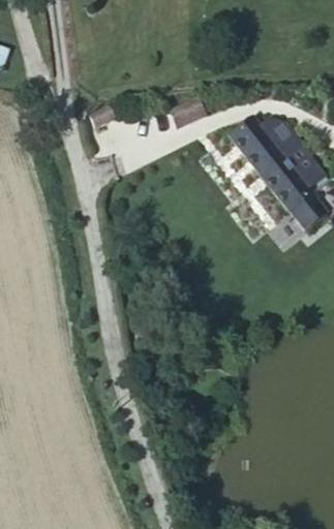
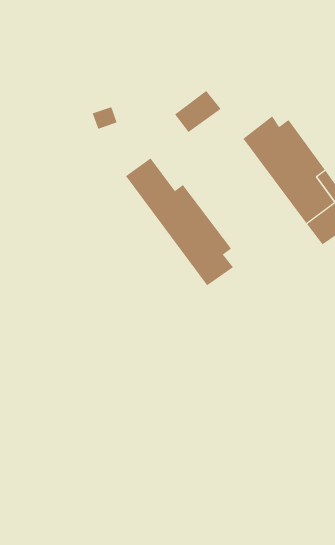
building: none -> [125,158,234,286]

